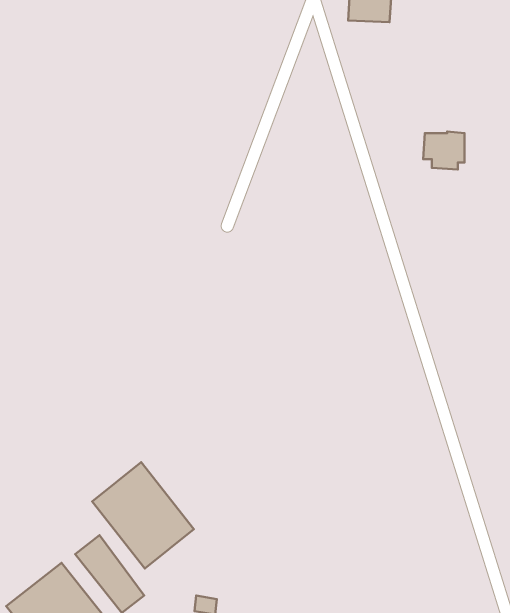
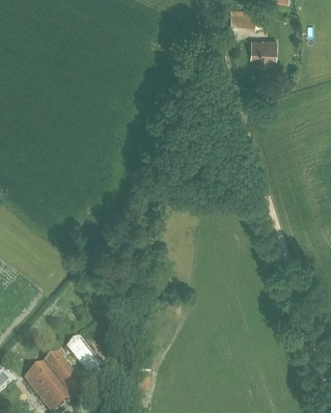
building: [423,132,465,170] -> [250,38,275,61]
building: [92,462,194,568] -> none

